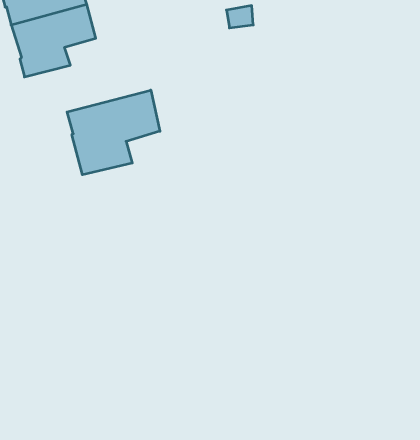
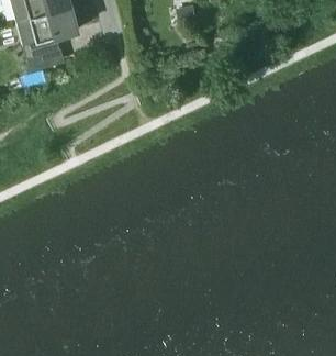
building: [67,90,160,175] -> none

